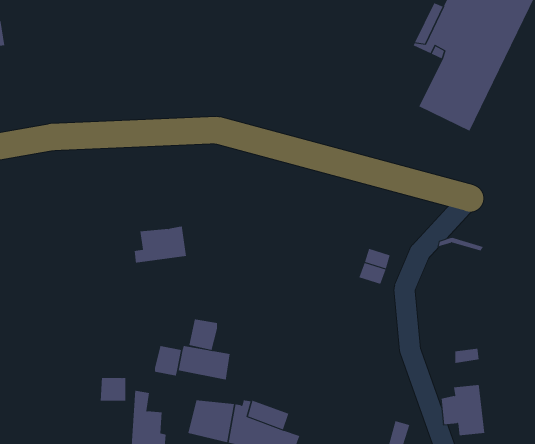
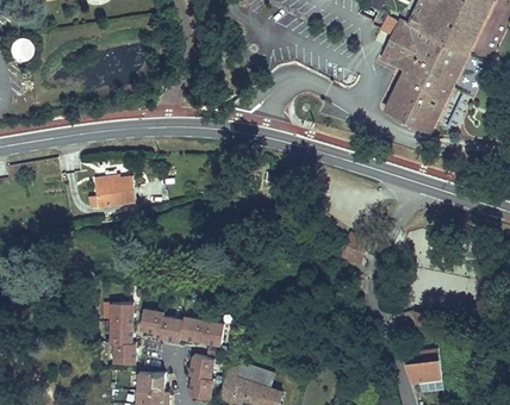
building: [134,226,187,263] -> [89,177,135,210]
building: [189,319,218,351] -> [138,307,163,335]
building: none -> [108,303,131,343]

